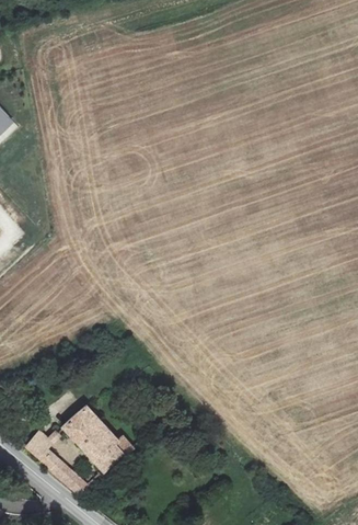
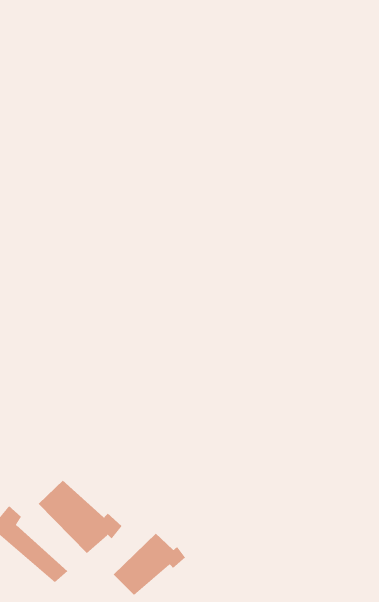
building: none -> [113,533,186,596]

